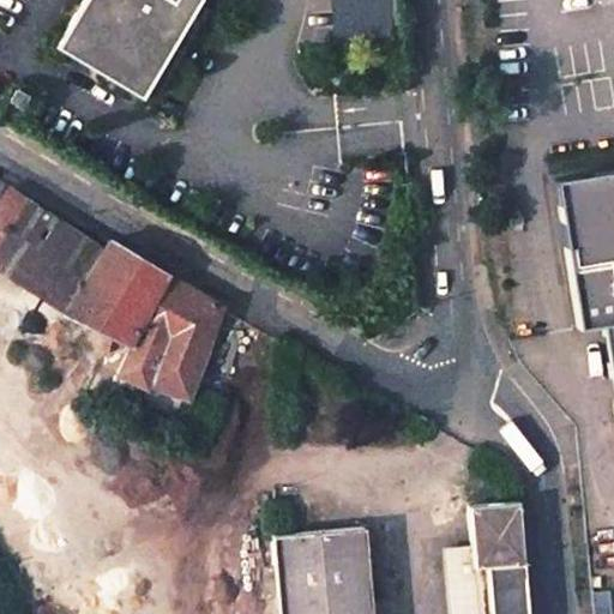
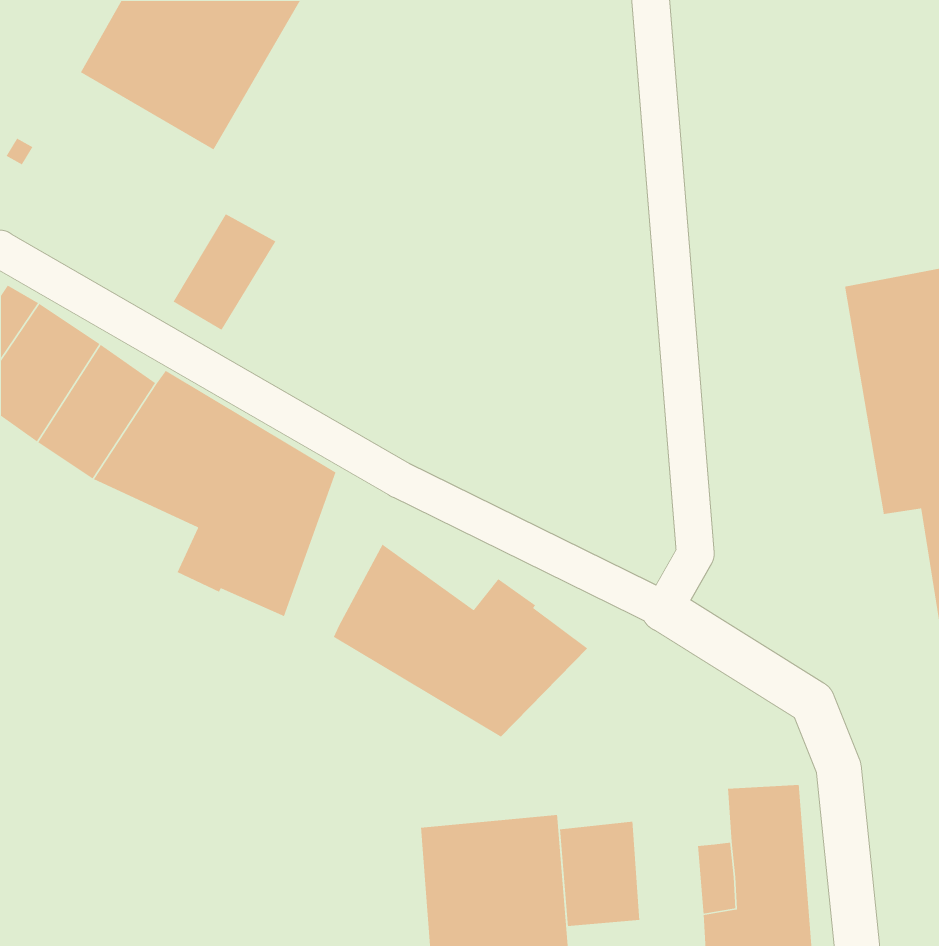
building: none -> [172,213,277,331]
building: none -> [333,543,588,738]
building: none -> [559,821,640,927]

